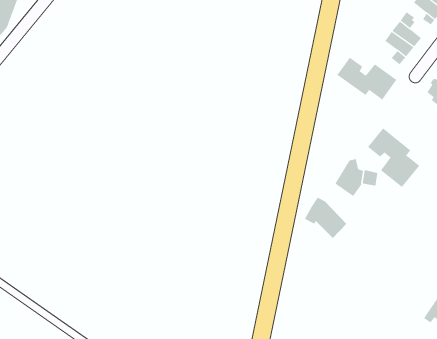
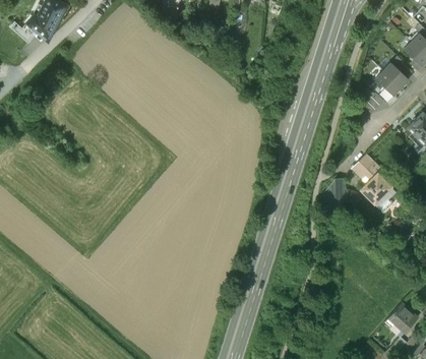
building: [337,57,397,100] -> none
building: [304,197,347,239] -> none

